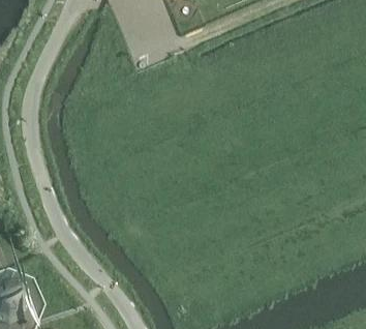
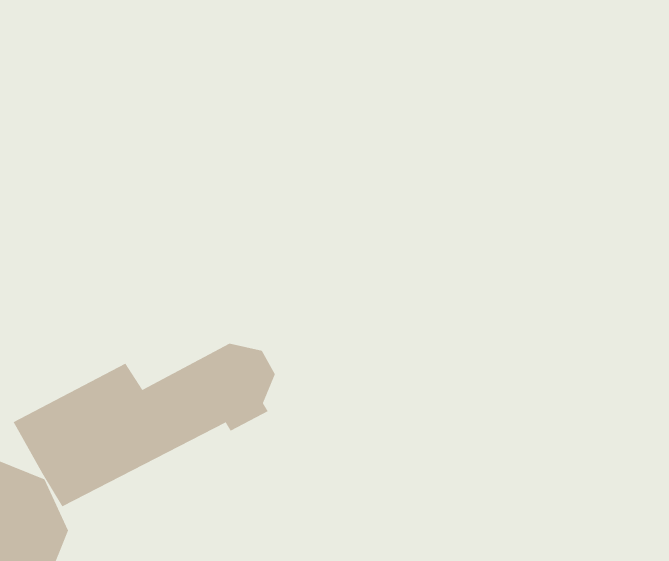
building: none -> [13,343,276,507]

